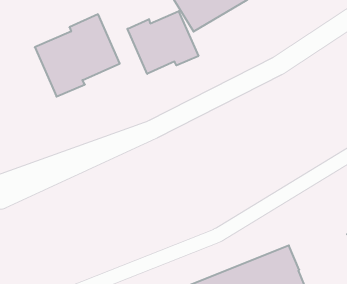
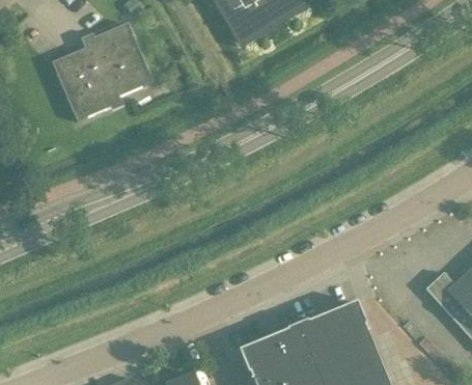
building: [127,11,198,74] -> none

